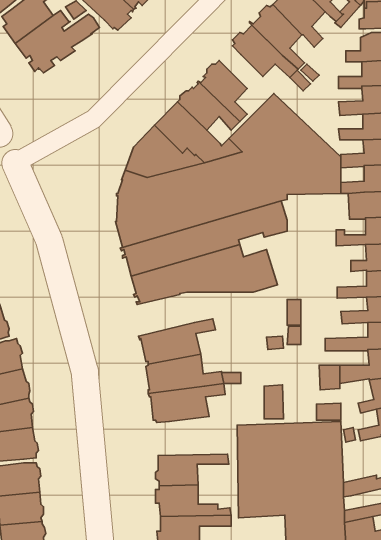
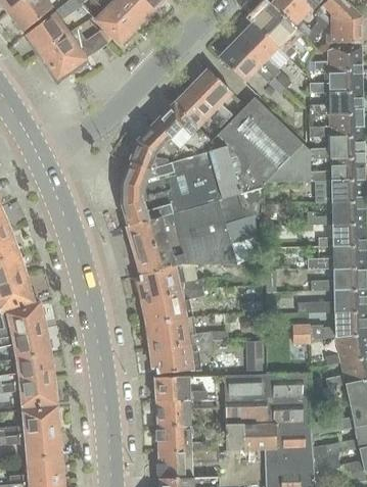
building: none -> [136,263,202,300]
building: none -> [153,375,215,400]

